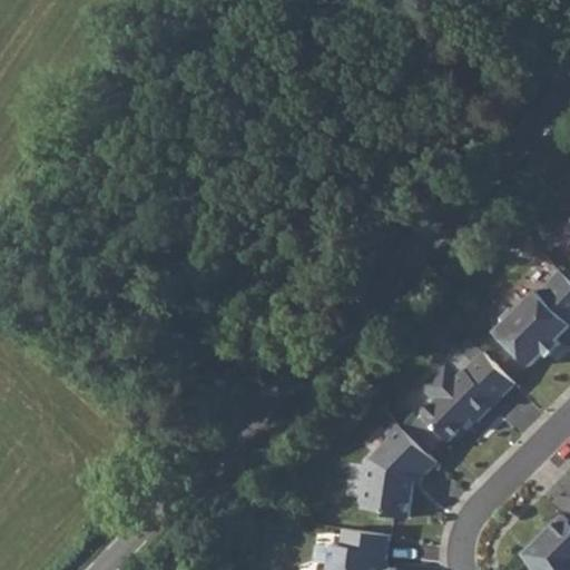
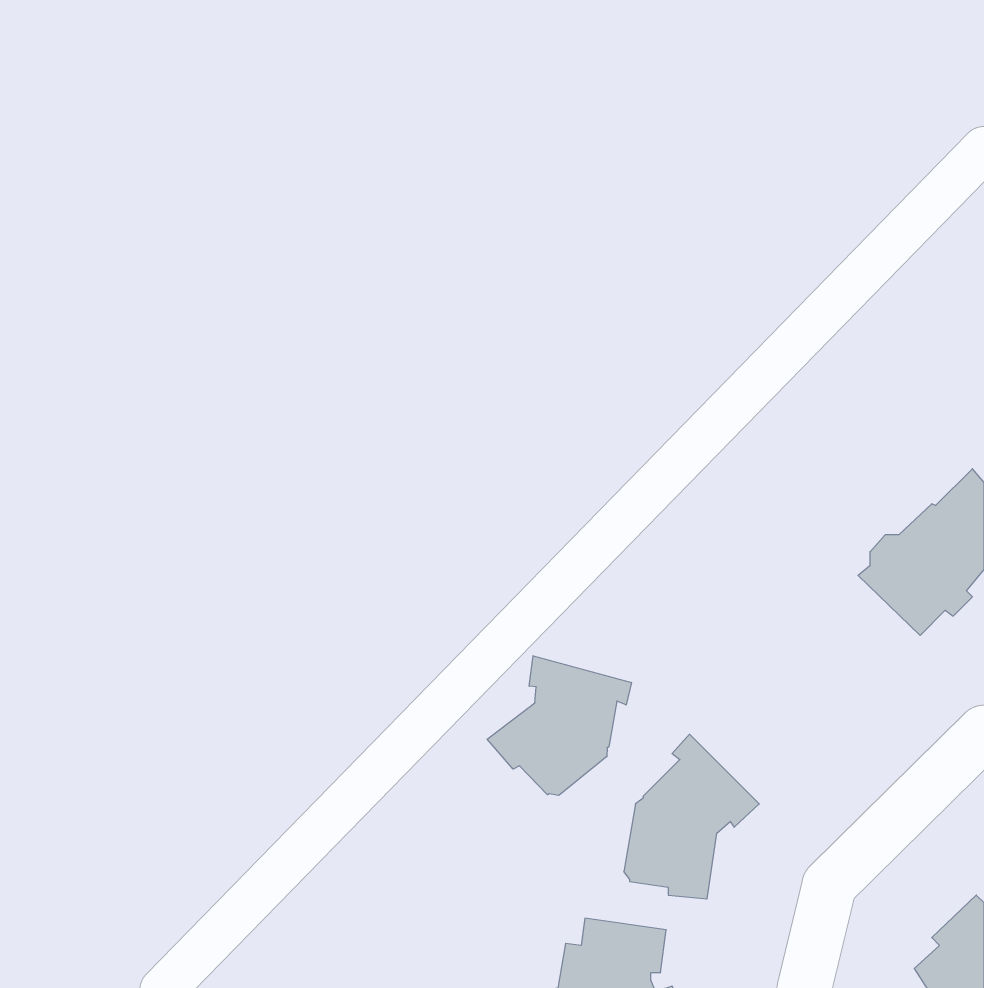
building: [421,352,514,438] -> none
building: none -> [487,656,631,795]

